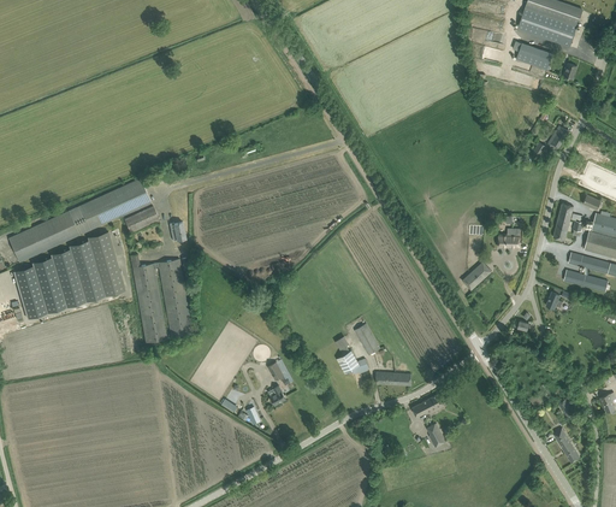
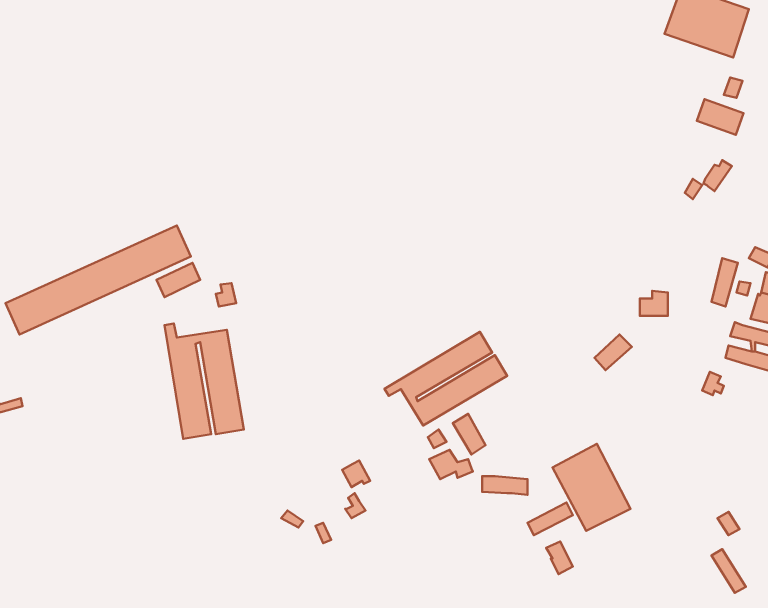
building: [516,42,552,70] -> [697,99,744,135]
building: [14,230,125,318] -> none
building: none -> [385,332,507,425]
building: none -> [553,444,631,531]

